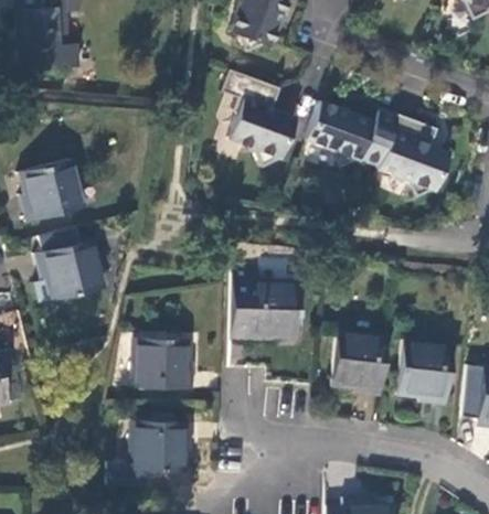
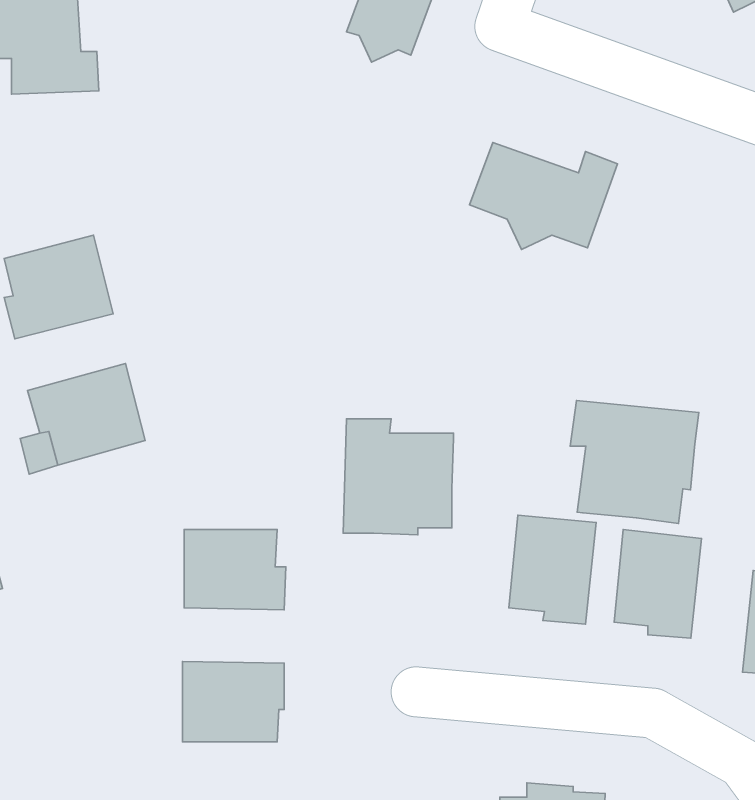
building: [222,69,297,167] -> none
building: [379,114,450,195] -> none
building: none -> [570,400,699,523]

